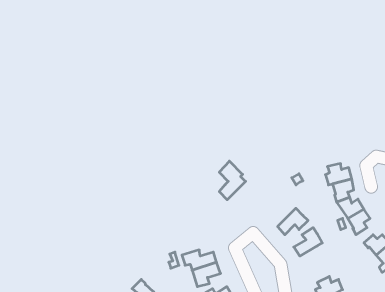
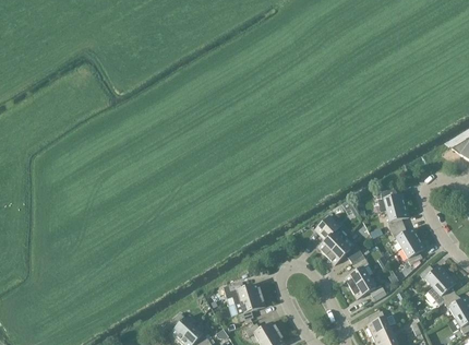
building: [219,161,246,200] -> [318,214,347,255]
building: none -> [351,273,385,298]

